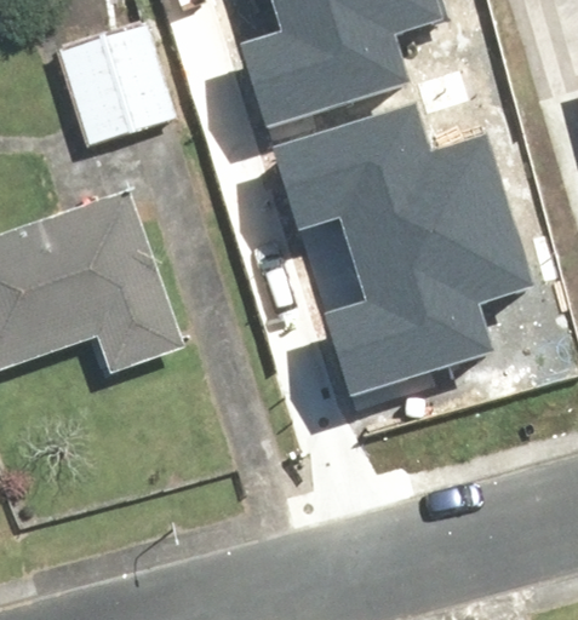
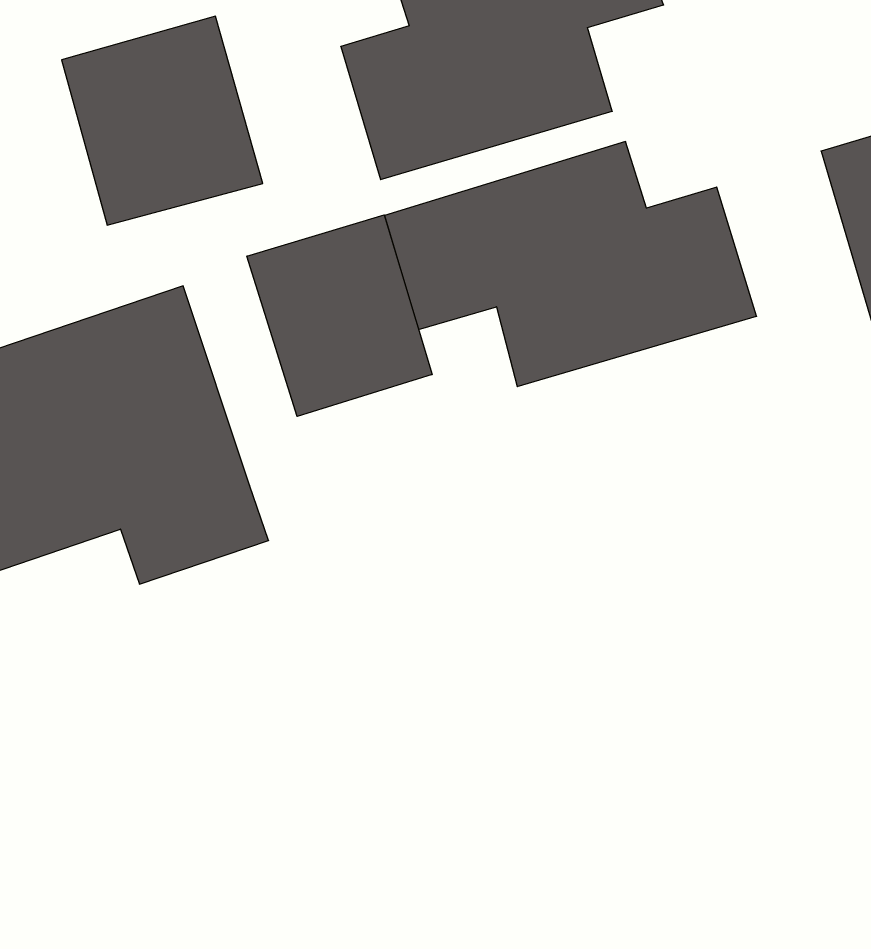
building: none -> [247,215,432,416]
building: [321,209,527,397] -> none

